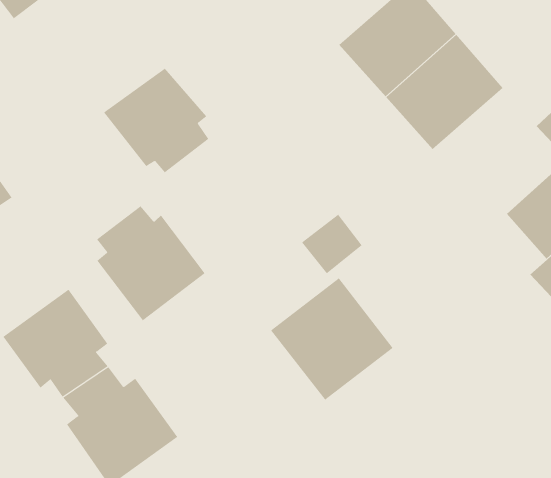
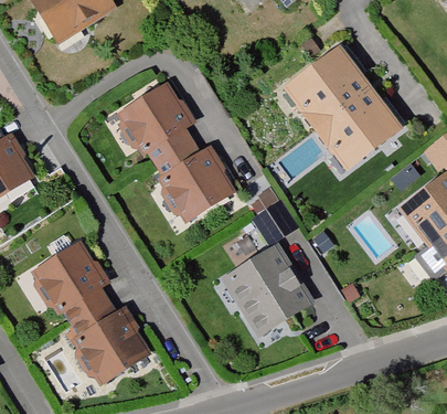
building: [96,205,206,321] -> [155,140,233,224]

